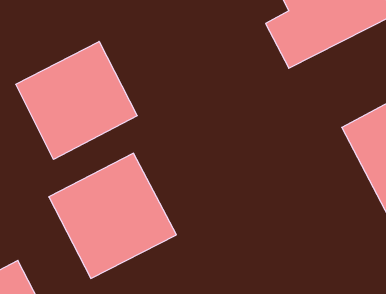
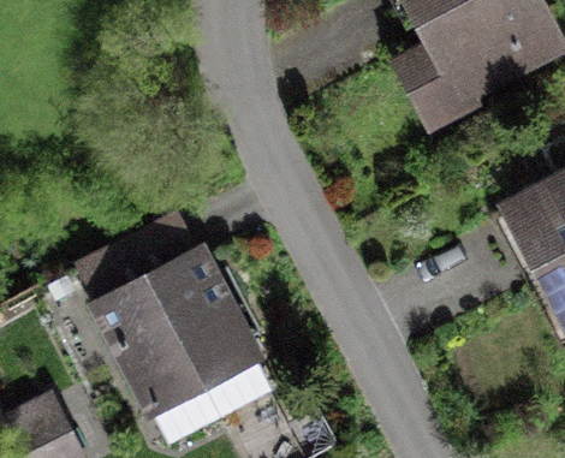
building: [16,41,137,159] -> none

